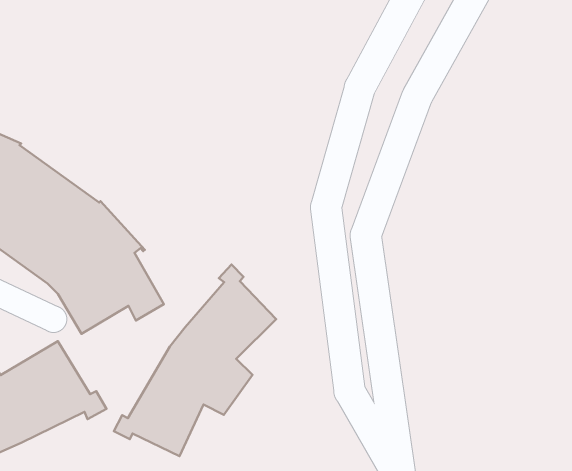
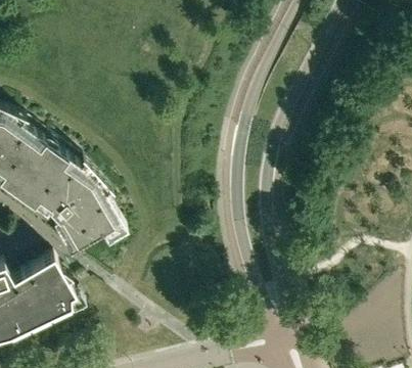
building: [114,265,276,456] -> none

